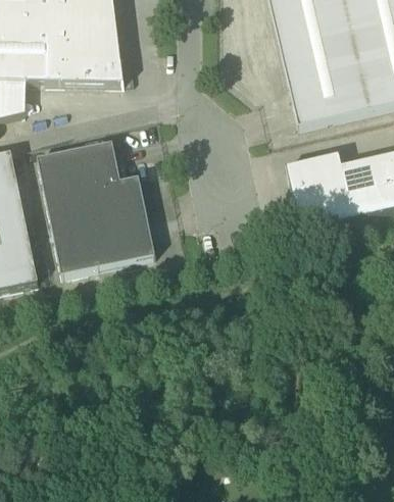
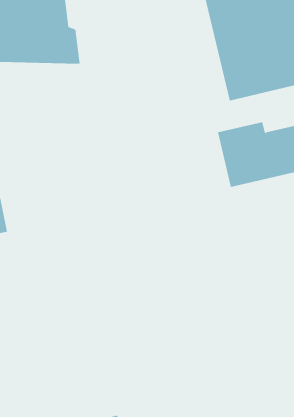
building: [37,141,155,273] -> none

